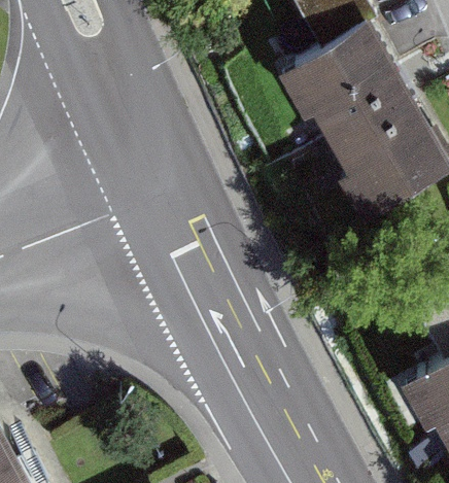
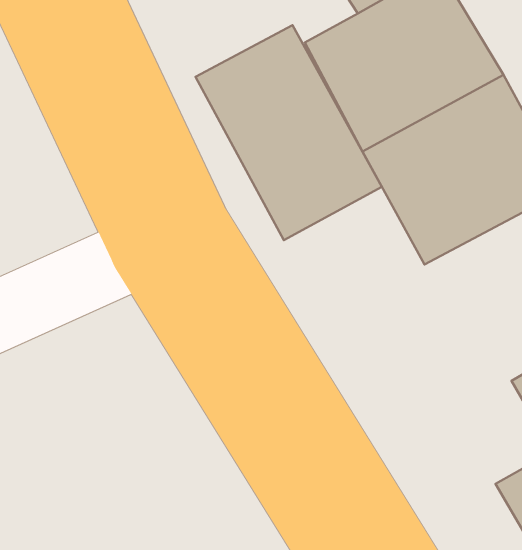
building: none -> [195,25,382,240]

